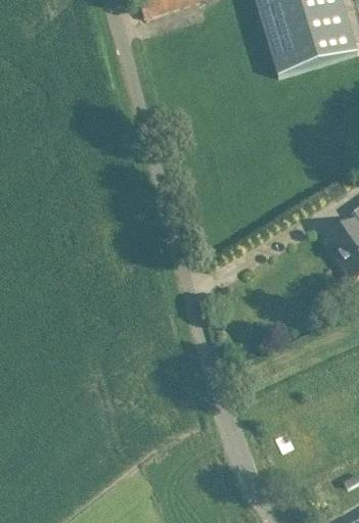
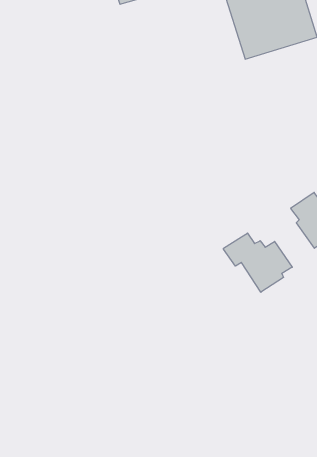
building: none -> [223,233,292,292]

